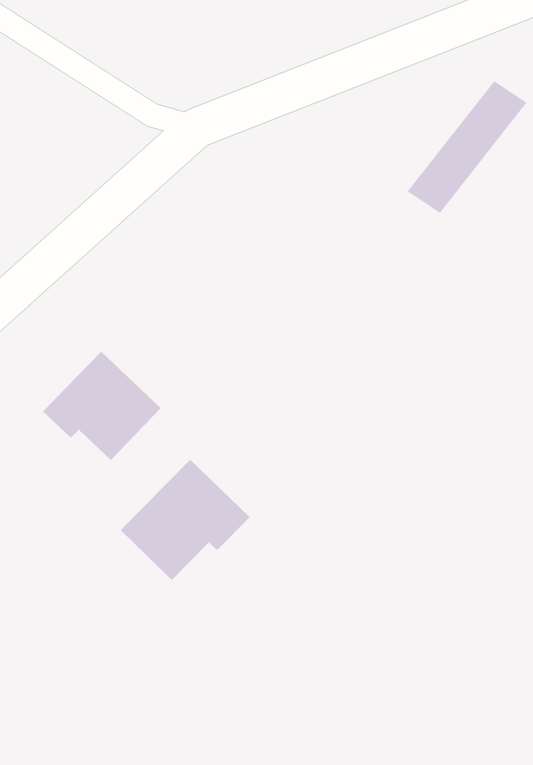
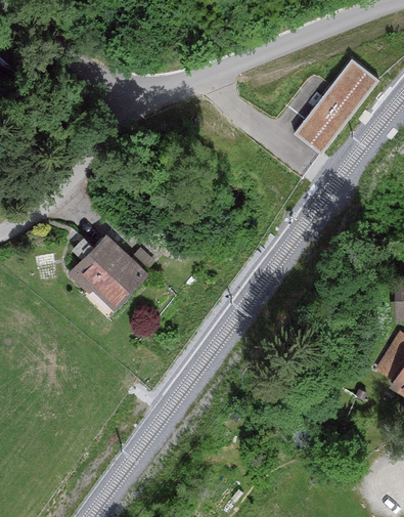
building: [120,459,250,581] -> none

